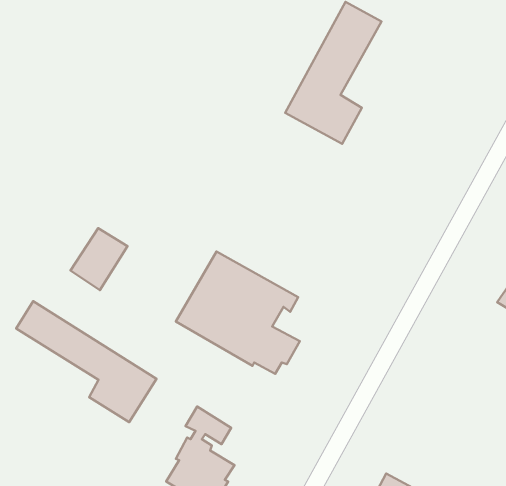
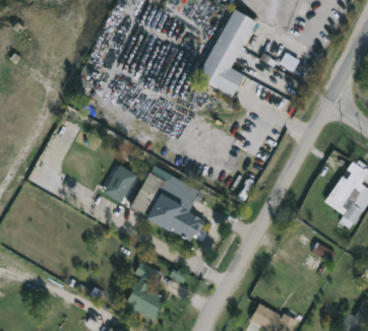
building: [71,228,128,290] -> [104,166,139,204]
building: [16,301,157,422] -> none

